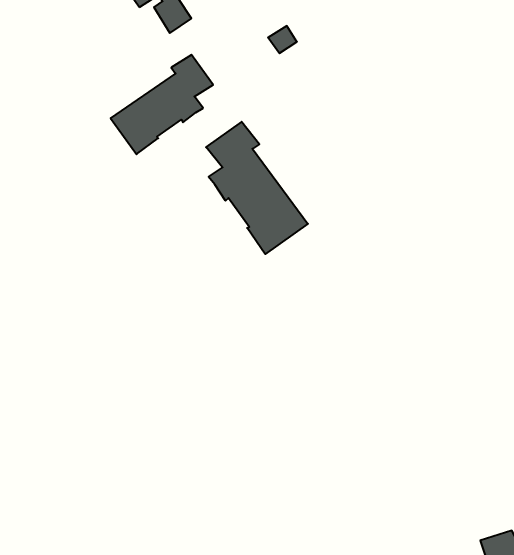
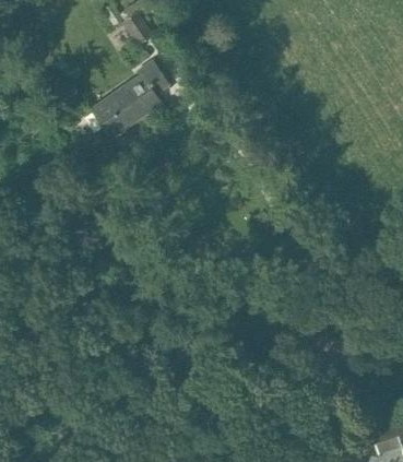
building: [206,122,308,254] -> none

